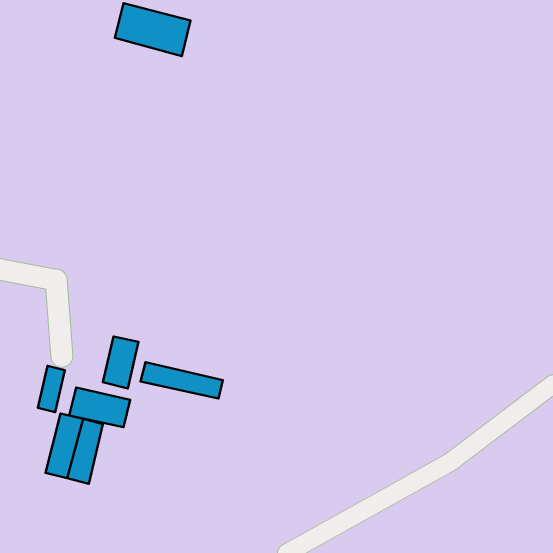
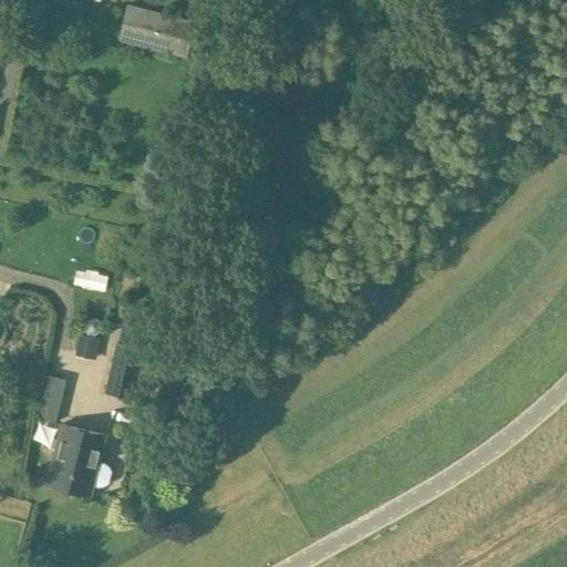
building: [141,362,223,399] -> none
building: [69,387,130,427] -> none

